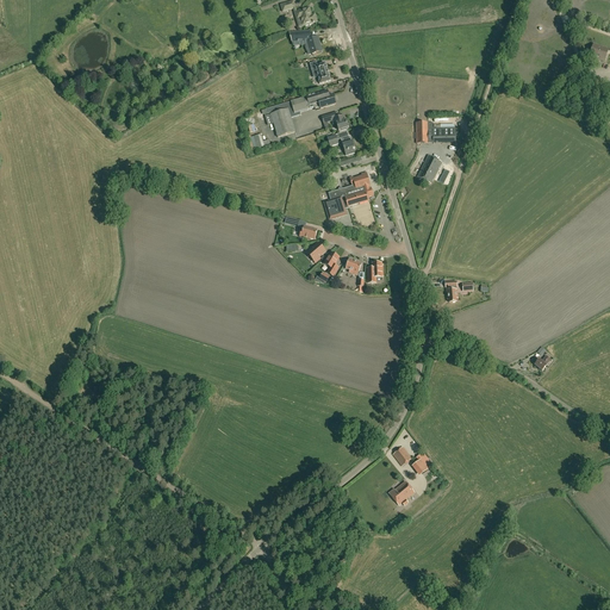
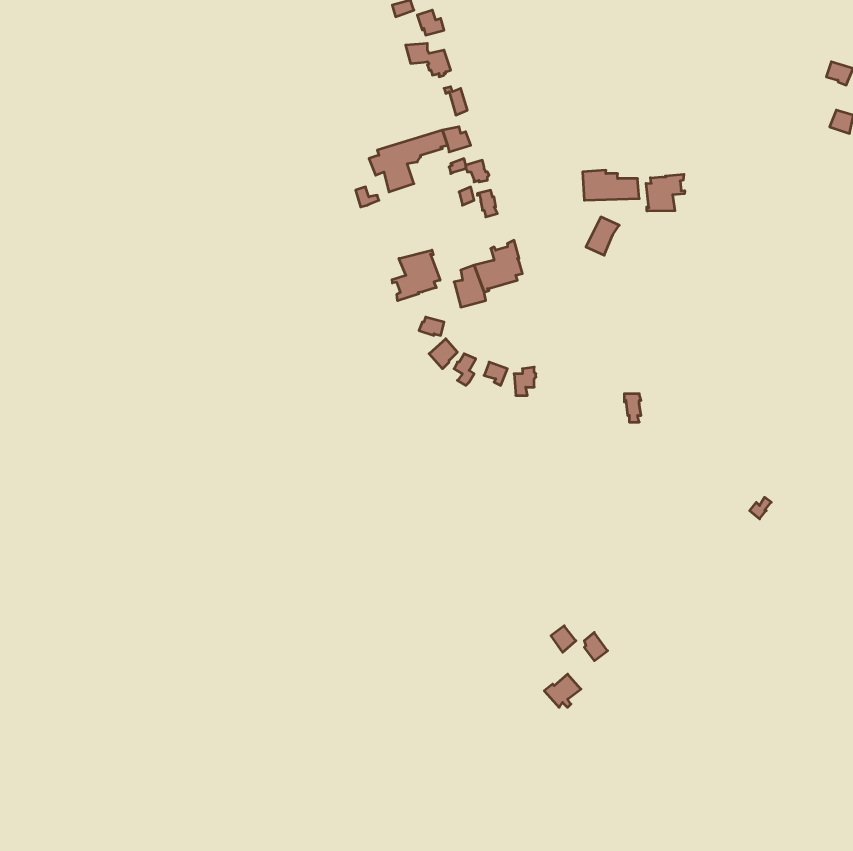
building: none -> [646,174,685,211]
building: none -> [392,250,440,301]

